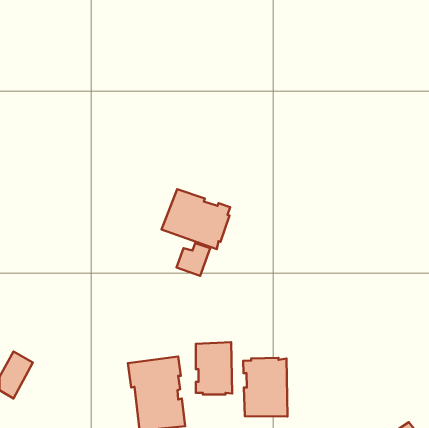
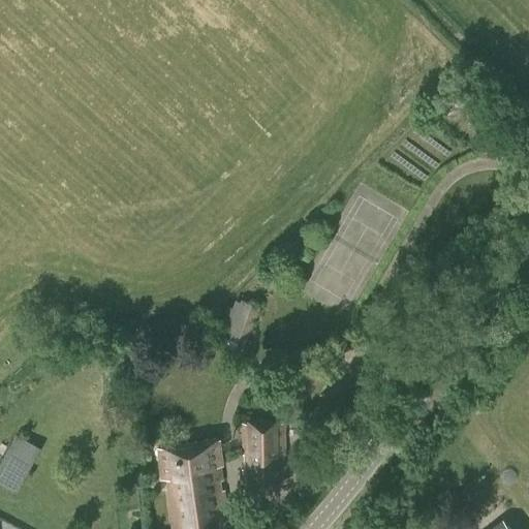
building: [162,189,230,249] -> none
building: [243,358,287,417] -> none

